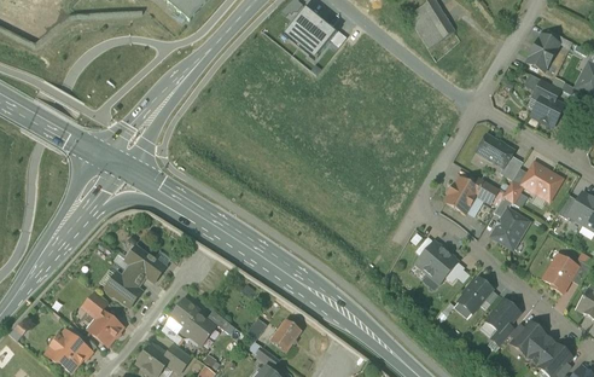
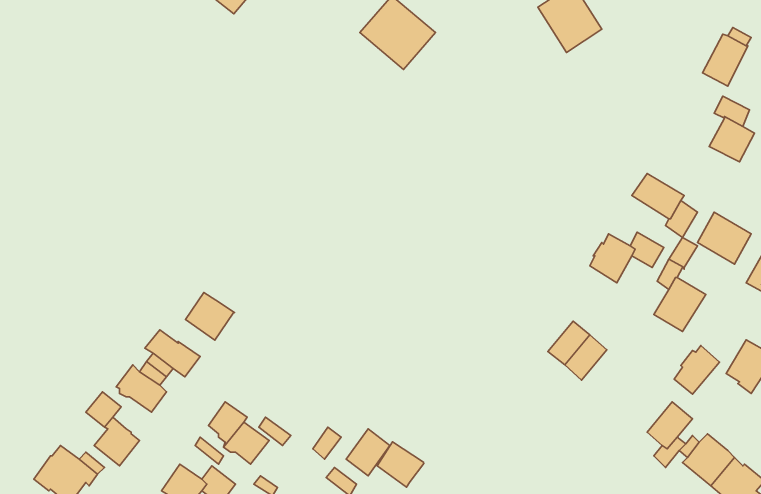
building: none -> [186,292,235,340]
building: [459,276,491,311] -> [674,345,719,394]
building: none -> [377,442,424,487]

